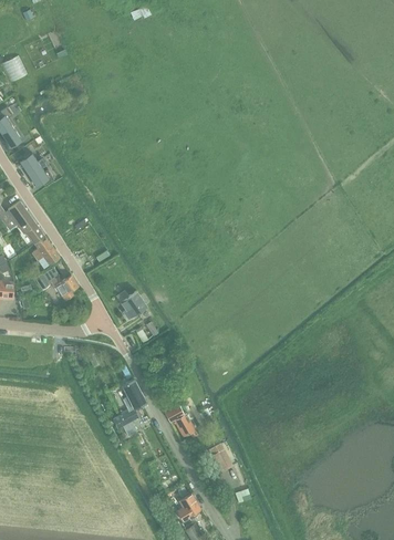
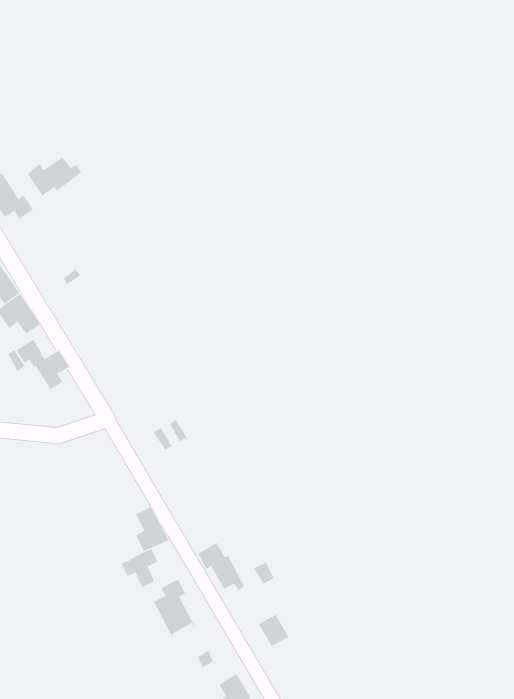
building: none -> [27,156,82,196]
building: [115,291,146,319] -> none
building: none -> [153,579,195,638]

